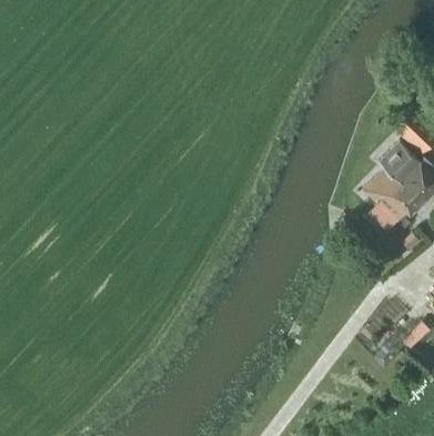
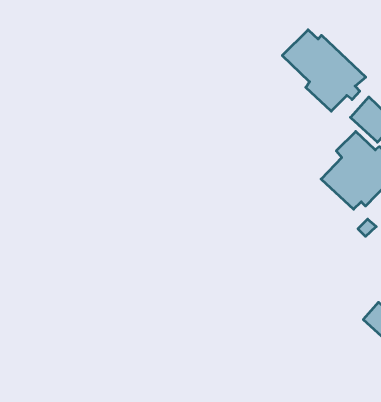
building: none -> [282,30,366,111]

